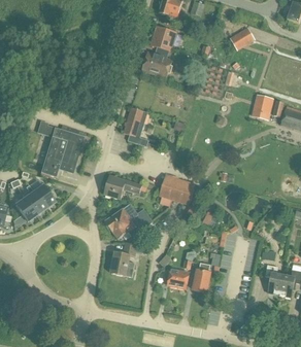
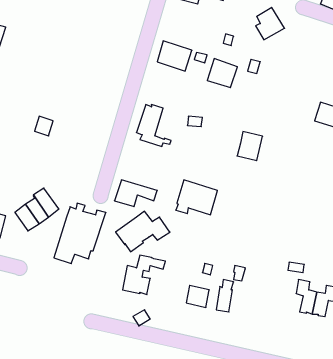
building: [149,26,176,51] -> [207,59,237,88]
building: [250,94,273,119] -> [237,132,263,161]
building: [39,124,86,177] -> [54,203,106,264]

